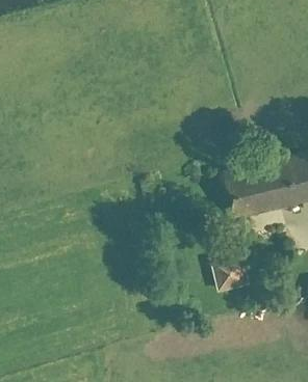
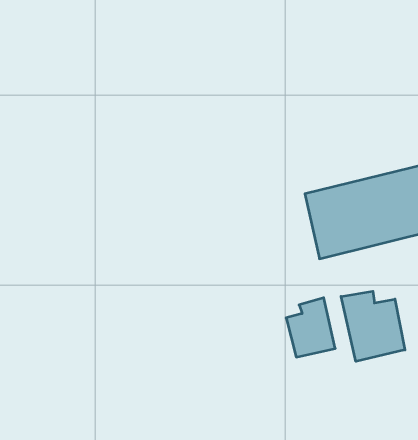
building: none -> [341,291,405,361]

